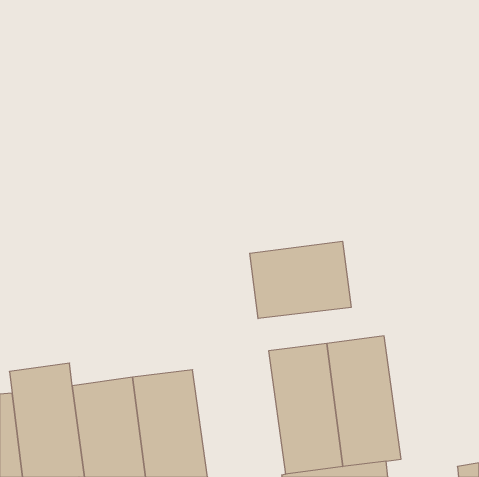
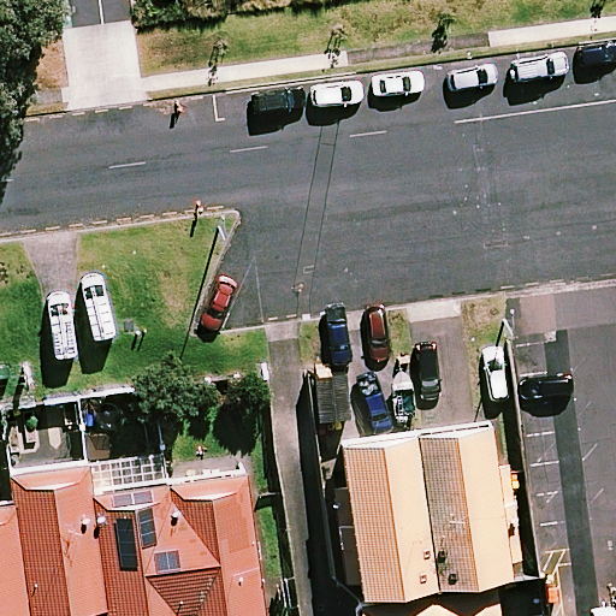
building: [250,241,351,319] -> none

